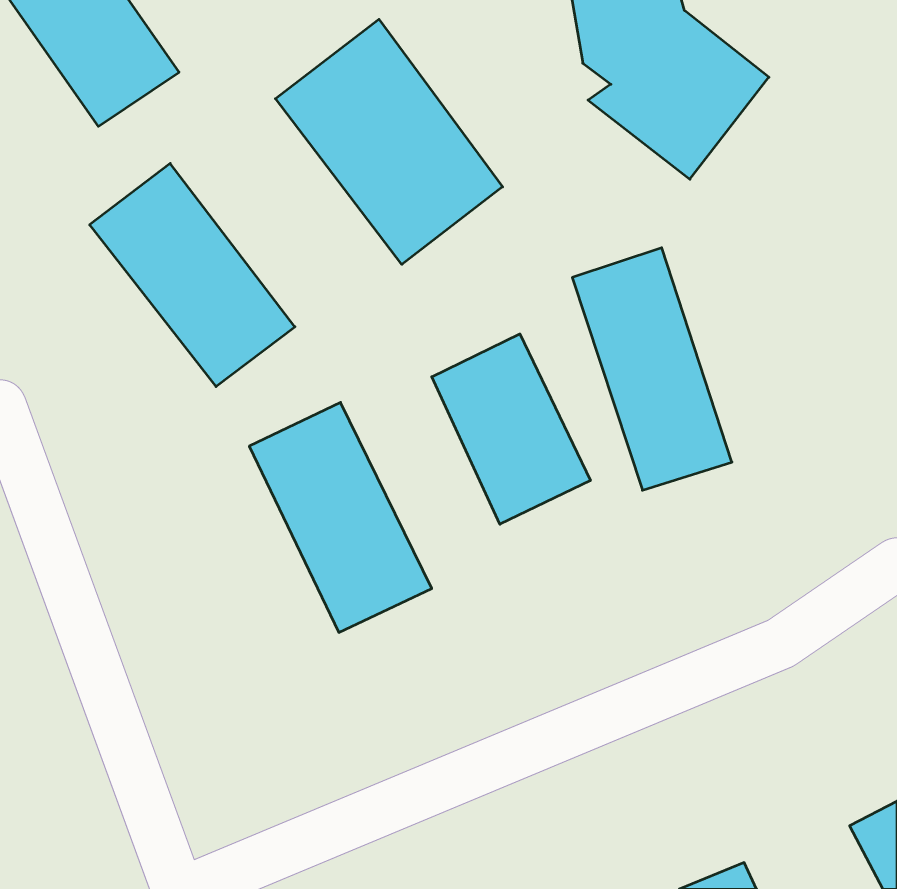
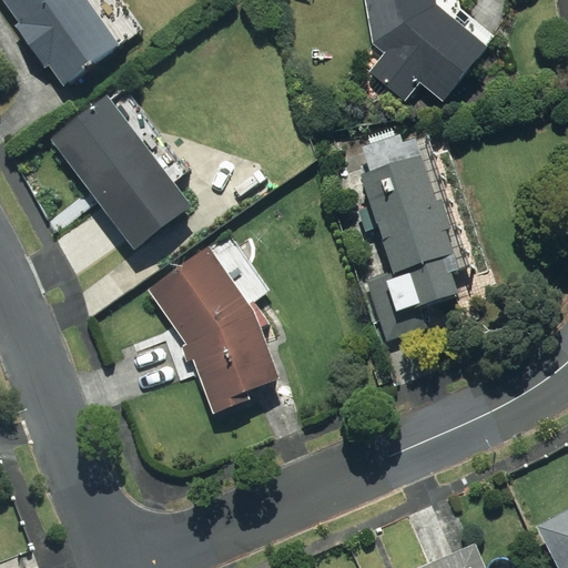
building: [275,19,503,264] -> none
building: [432,334,590,524] -> none

